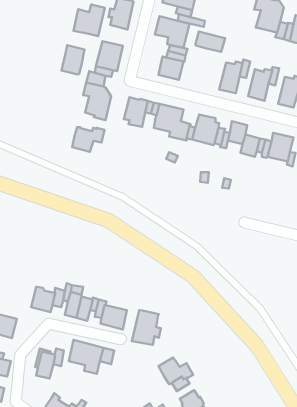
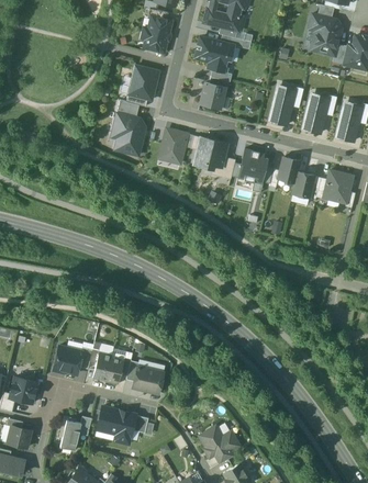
building: [74,5,105,36] -> none
building: [195,31,225,52] -> none
building: [61,45,84,74] -> none
building: [72,127,105,152] -> none
building: [132,310,161,345] -> none

